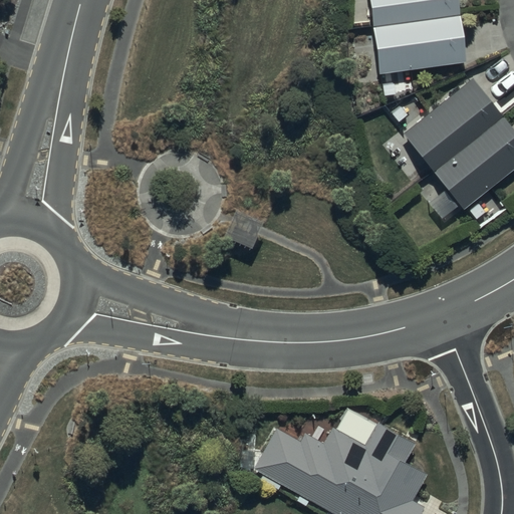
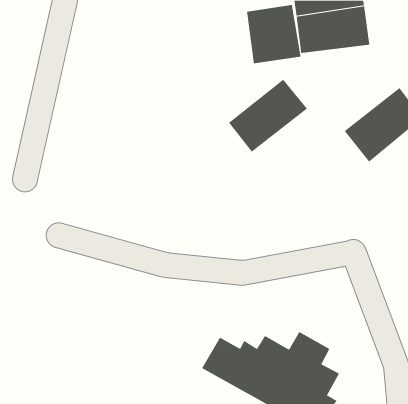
building: none -> [247,4,301,64]
building: [404,78,503,171] -> [228,79,308,153]

